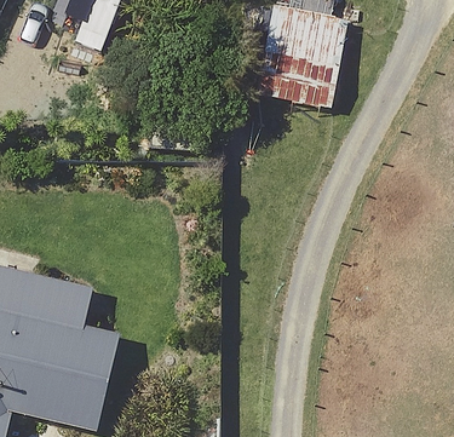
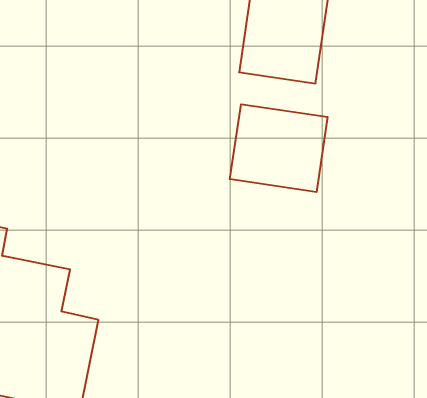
building: none -> [230,104,328,192]

